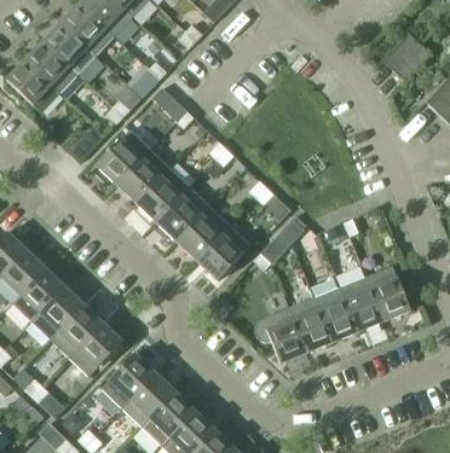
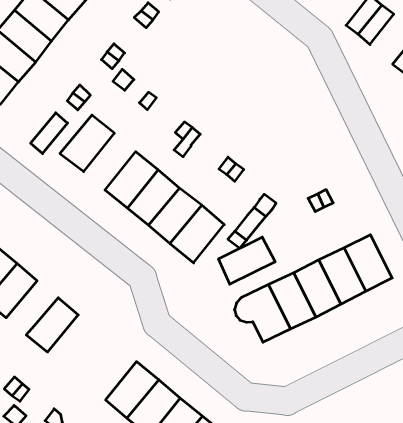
building: [117,149,169,203] -> none
building: none -> [219,237,275,284]
building: [31,286,83,338] -> none
building: [69,323,122,376] -> none
building: [102,353,155,407] -> none

